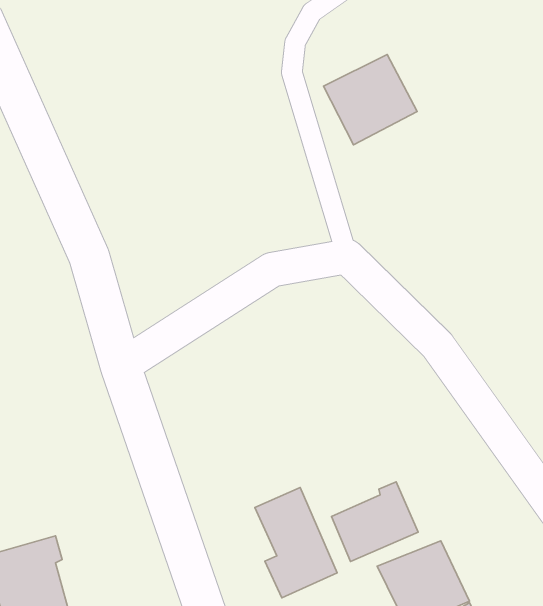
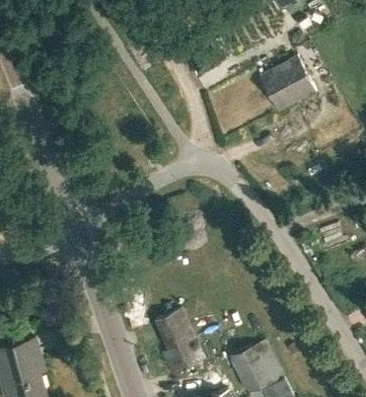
building: [323,55,417,145] -> [259,58,315,112]
building: [331,482,418,561] -> none

